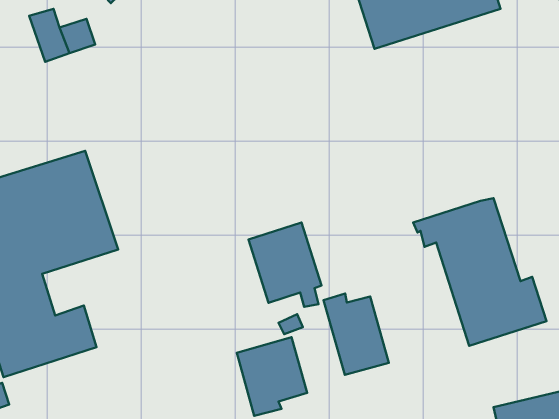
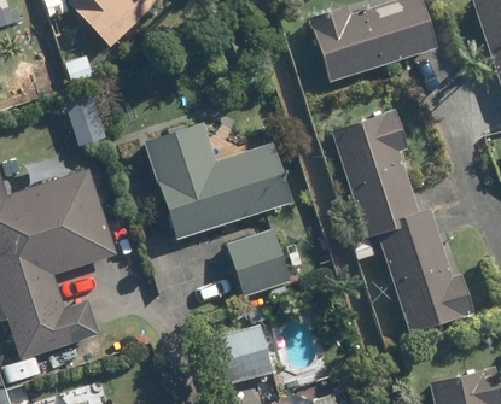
building: none -> [333,111,421,229]
building: none -> [144,121,290,236]
building: [323,293,389,375] -> none

